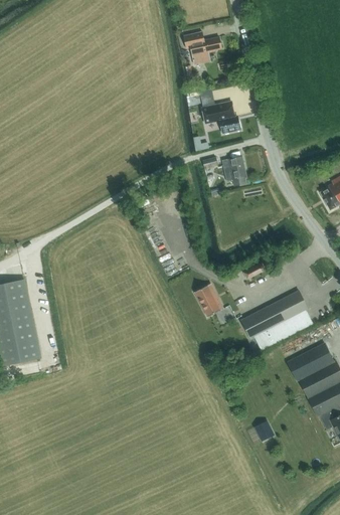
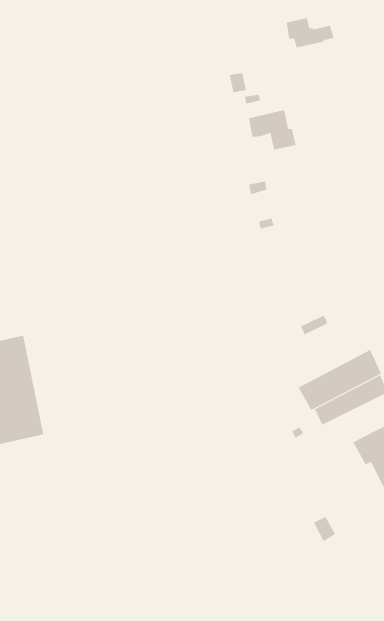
building: [183,31,221,55] -> [286,18,334,48]
building: [222,156,245,186] -> none
building: [194,284,222,317] -> none

